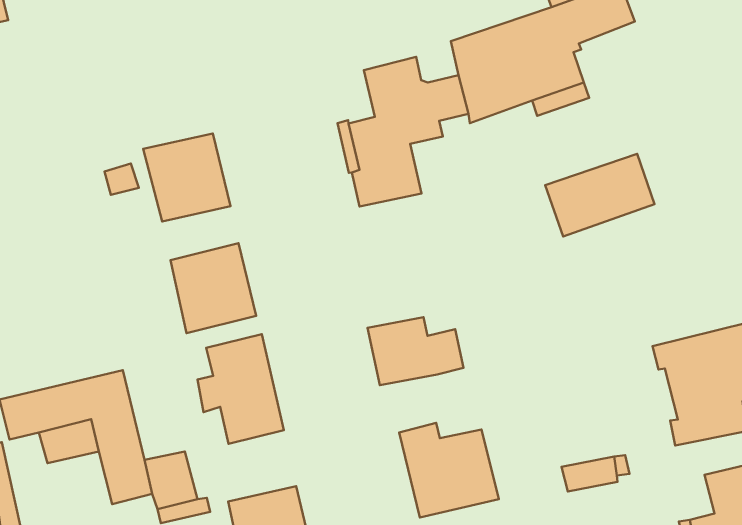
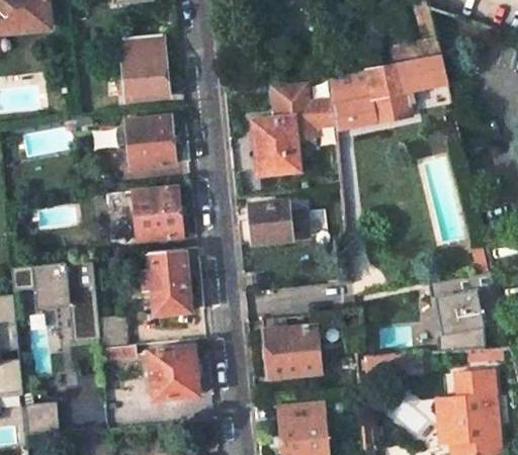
building: none -> [119,35,168,100]
building: [545,154,655,236] -> none
building: [367,317,464,385] -> [250,202,308,242]

